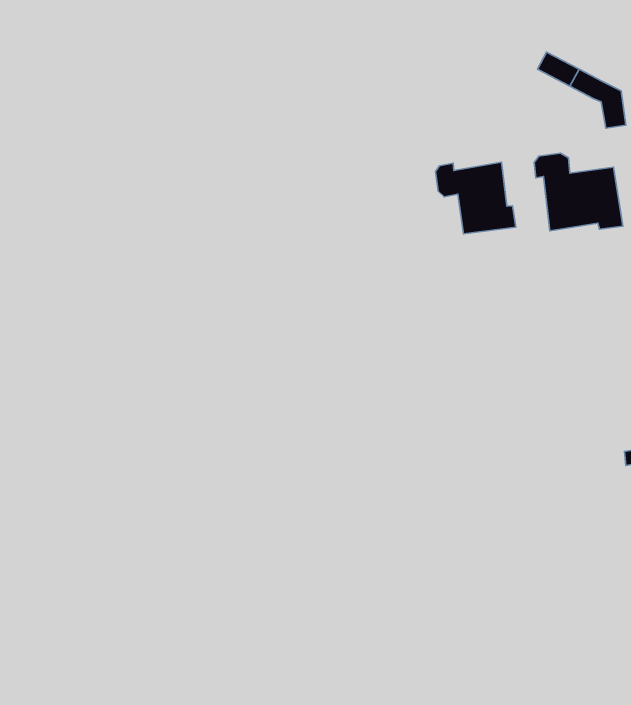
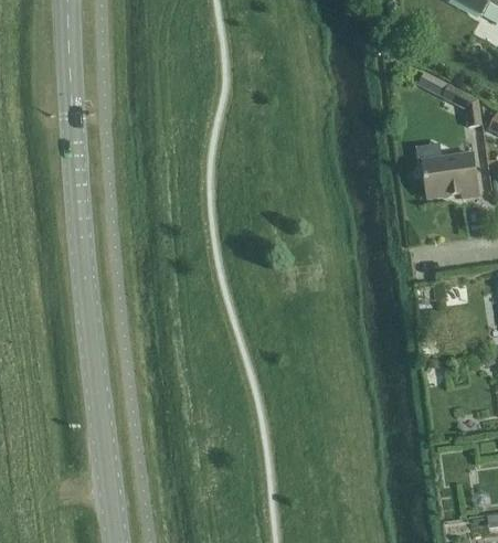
building: [435,162,516,234] -> none

